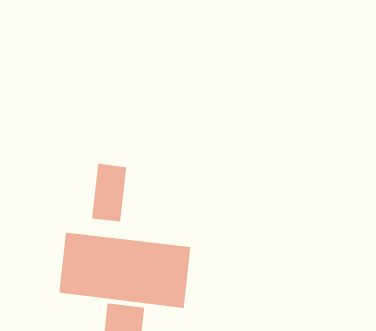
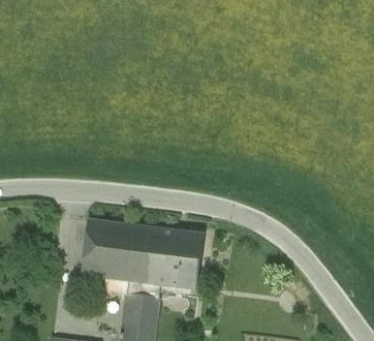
building: [91,163,127,222] -> none

